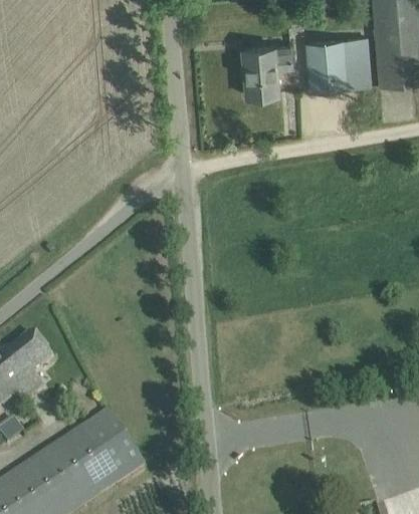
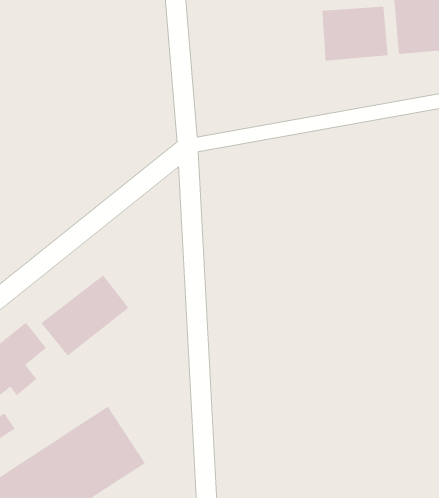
building: [242,42,291,92] -> none
building: none -> [40,274,129,356]

